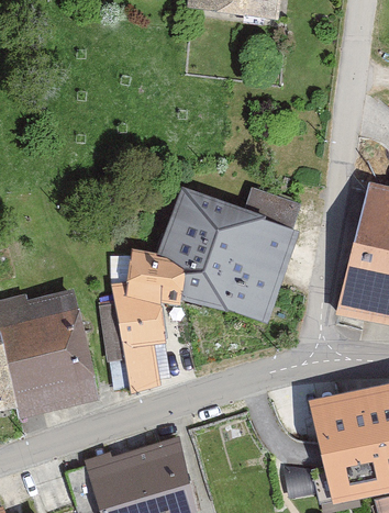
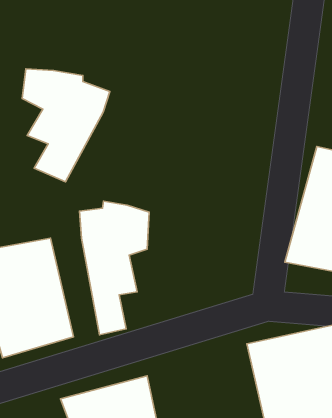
building: none -> [22,69,110,182]
building: [159,181,307,326] -> none

